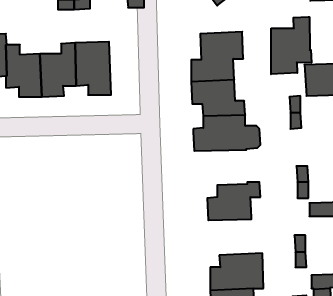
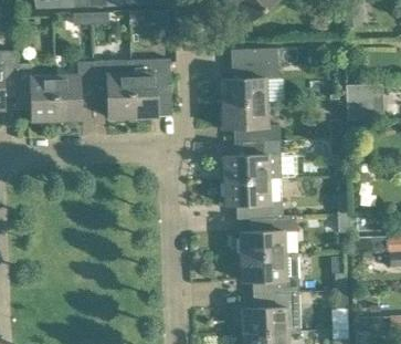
building: [271,17,311,74] -> none
building: none -> [130,59,171,118]
building: none -> [224,179,283,219]
building: none -> [240,253,299,295]

